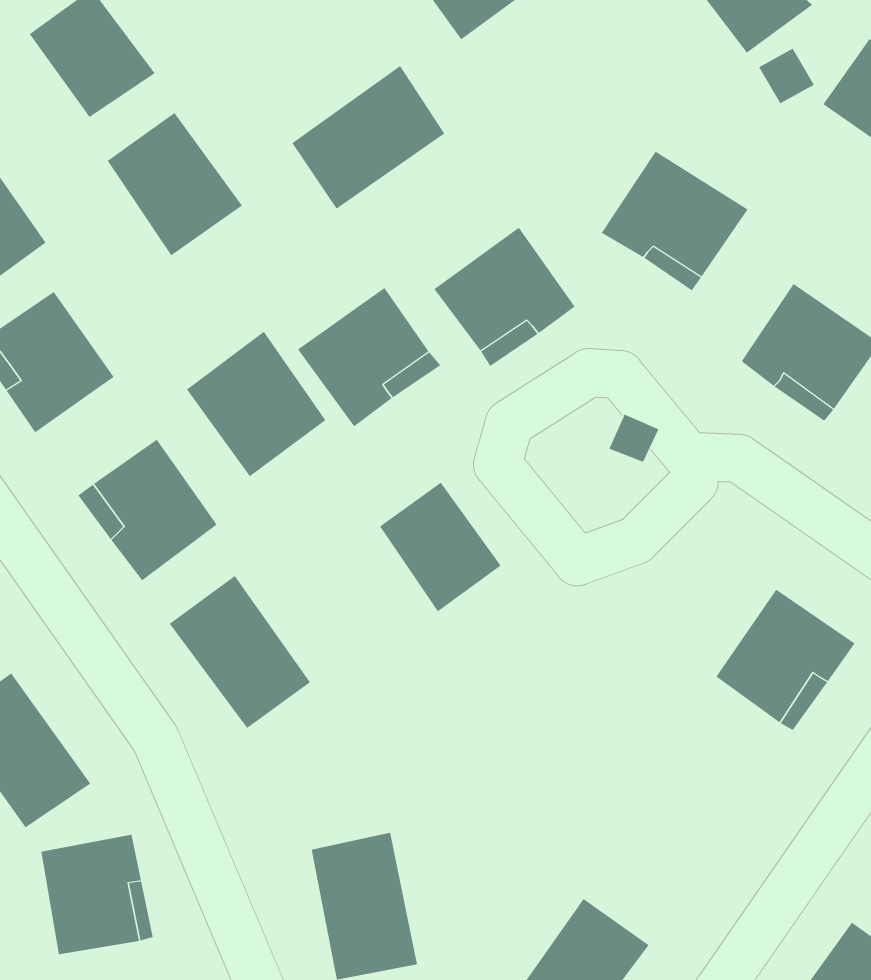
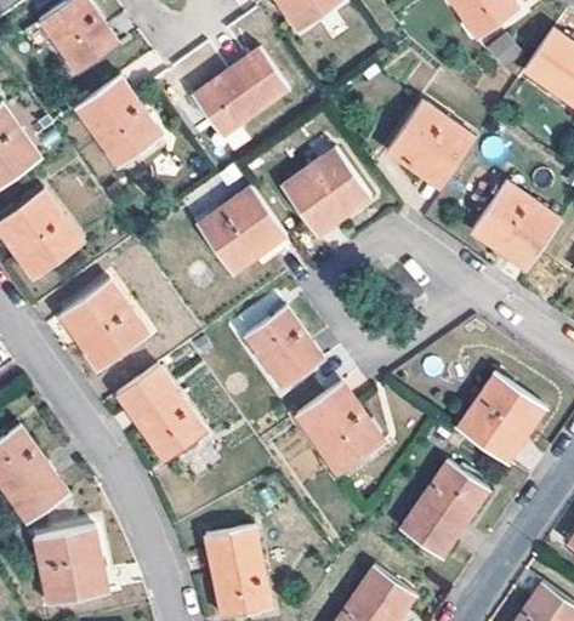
building: [186,331,326,477] -> none
building: none -> [297,382,383,474]
building: none -> [400,461,489,558]

